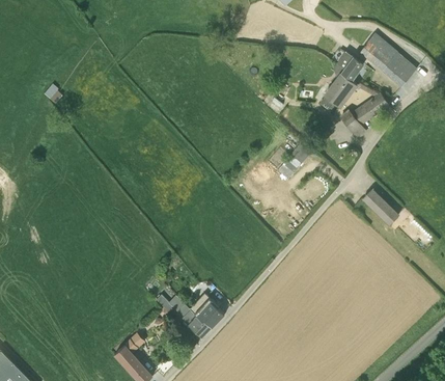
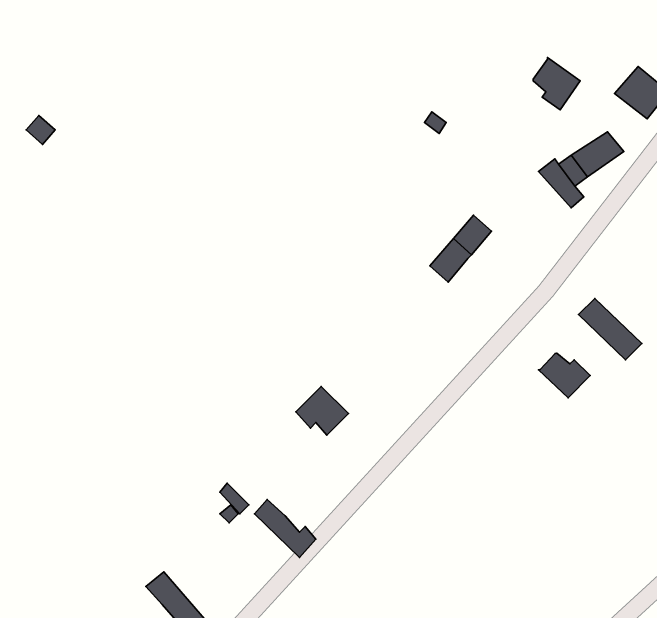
building: [361,35,397,71] -> none
building: [323,72,357,106] -> none
building: none -> [539,353,590,398]
building: [195,298,225,326] -> [296,386,348,435]

